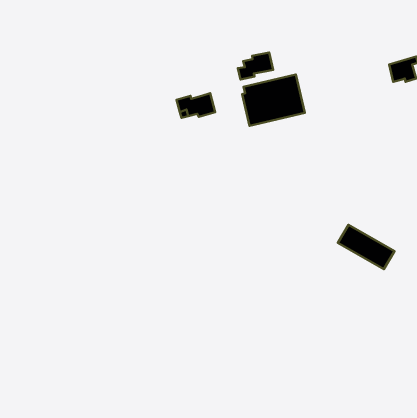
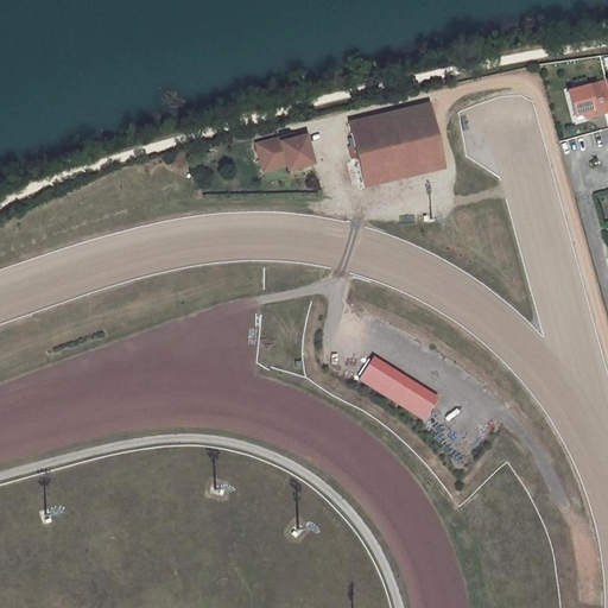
building: [238,52,273,79] -> none
building: [338,225,394,269] -> [360,354,442,418]

